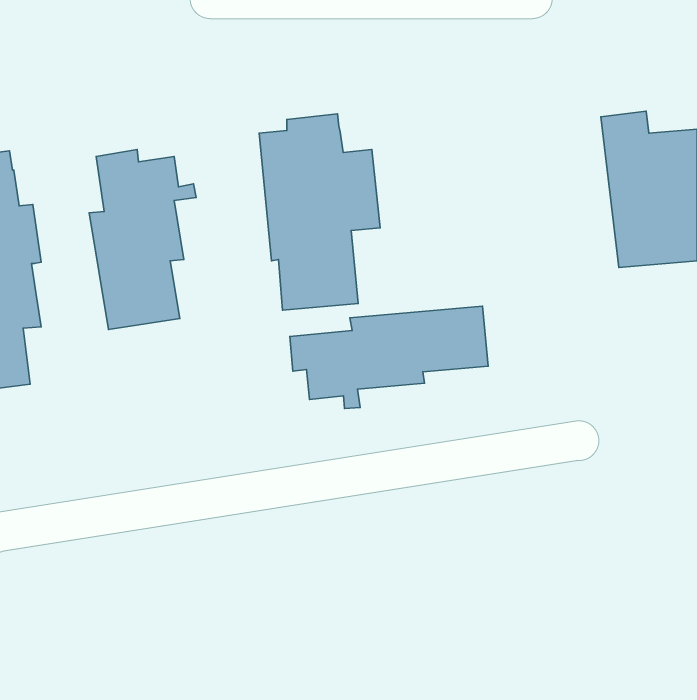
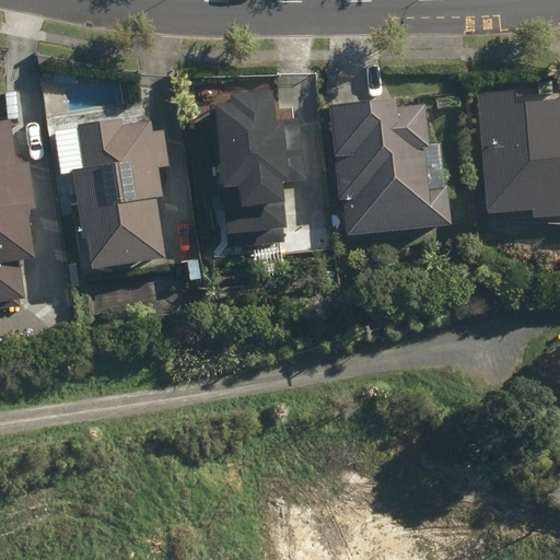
building: none -> [332,98,454,236]
building: [290,306,488,409] -> none

